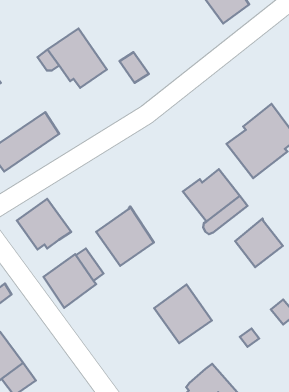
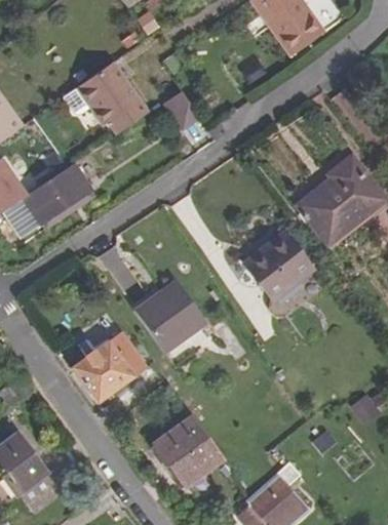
building: [17,199,71,249] -> none
building: [235,219,283,267] -> none
building: [154,285,212,343] -> [154,414,225,486]

